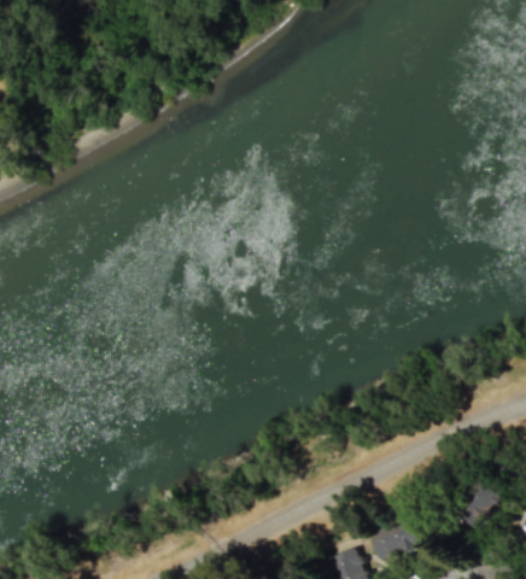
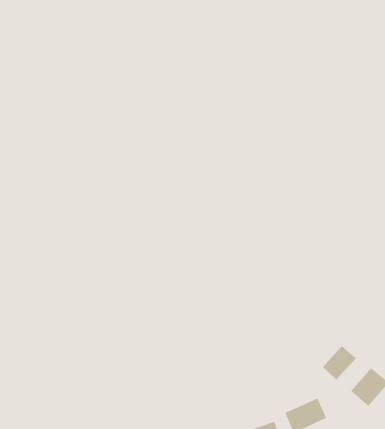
building: none -> [322,345,357,380]

